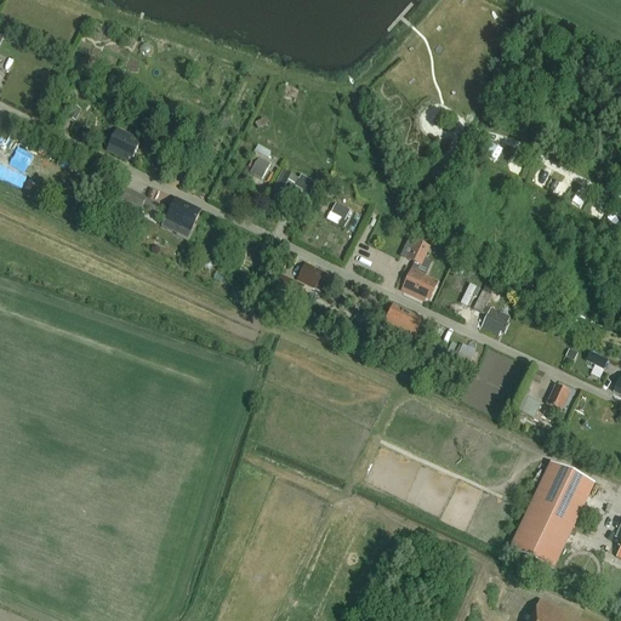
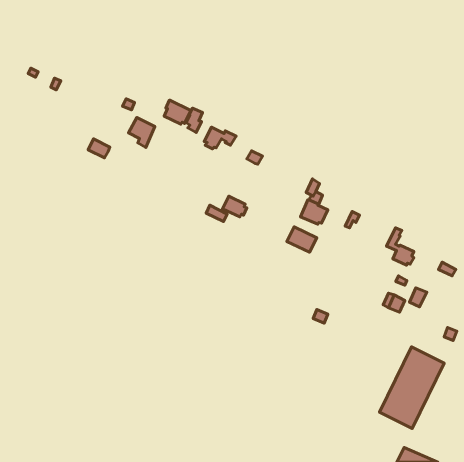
building: [107,127,141,159] -> none
building: none -> [164,100,191,124]
building: [165,198,200,238] -> [129,117,155,147]
building: [473,284,509,334] -> [387,228,414,265]

